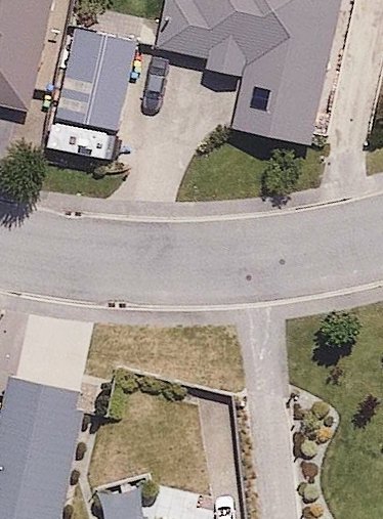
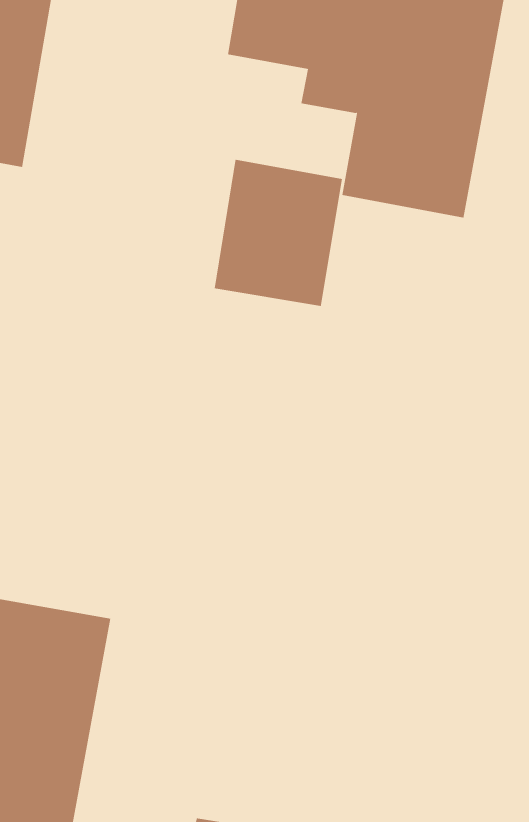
building: [55,31,136,123] -> [214,159,343,306]

